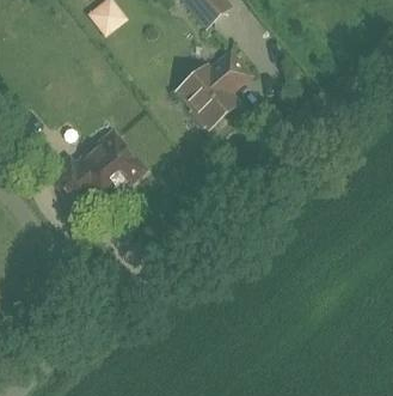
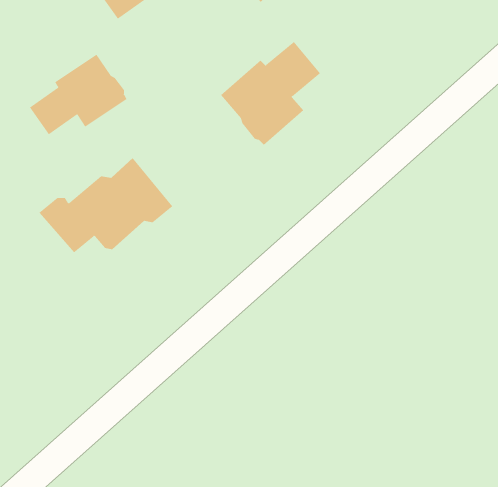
building: none -> [29,54,127,135]

